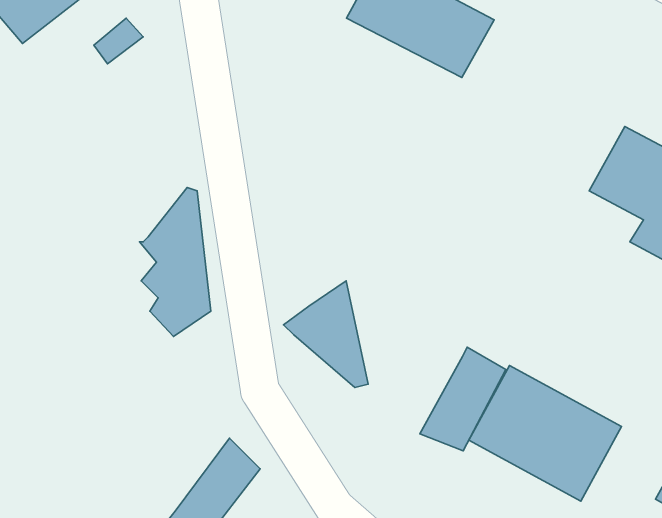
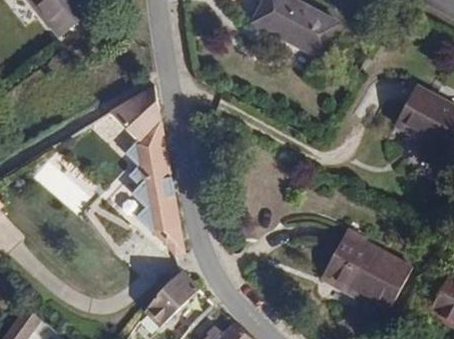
building: none -> [107,86,155,153]
building: [283,281,368,387] -> [132,195,182,258]
building: [420,347,506,451] -> none

